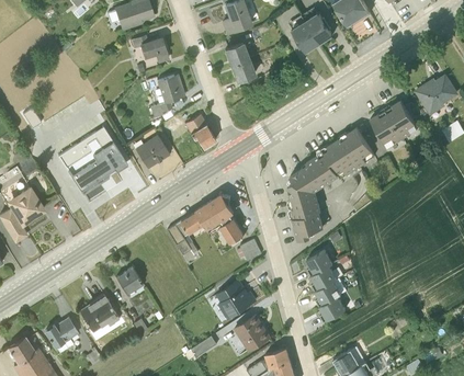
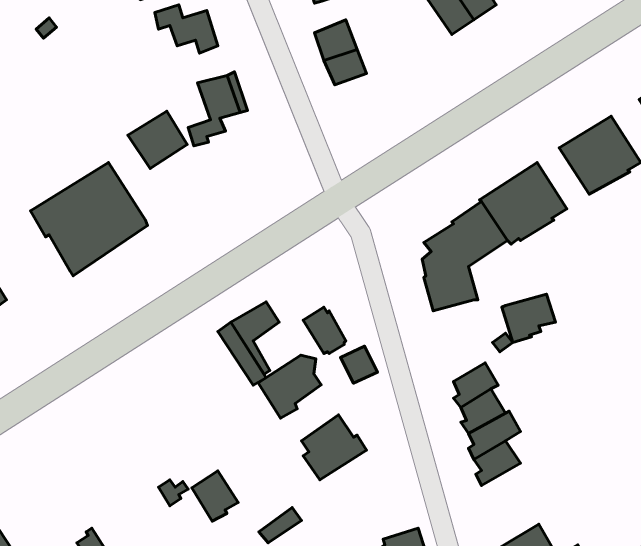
building: [184,116,215,149] -> none
building: [134,136,169,170] -> [128,111,187,169]
building: [196,194,234,231] -> [258,355,321,418]
building: [293,210,325,239] -> [502,294,556,343]
building: [115,266,143,296] -> [192,471,238,521]
building: [78,295,117,331] -> none
building: [235,314,270,349] -> none
building: [44,317,77,351] -> none

